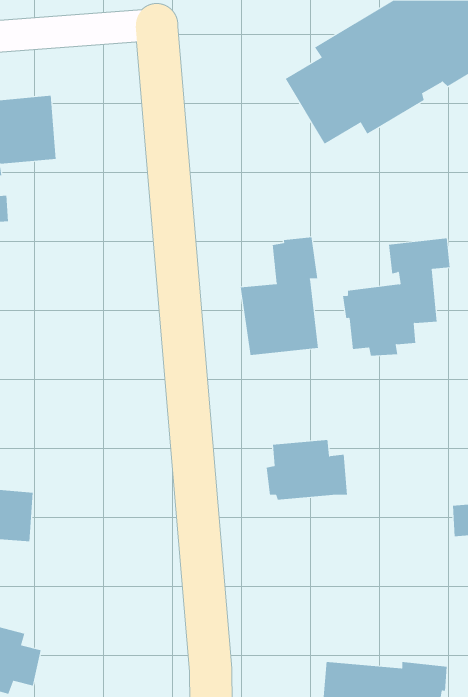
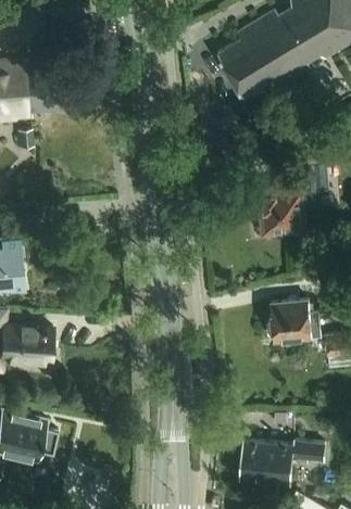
building: [240,237,318,356] -> none
building: [266,439,348,500] -> [266,302,321,342]

